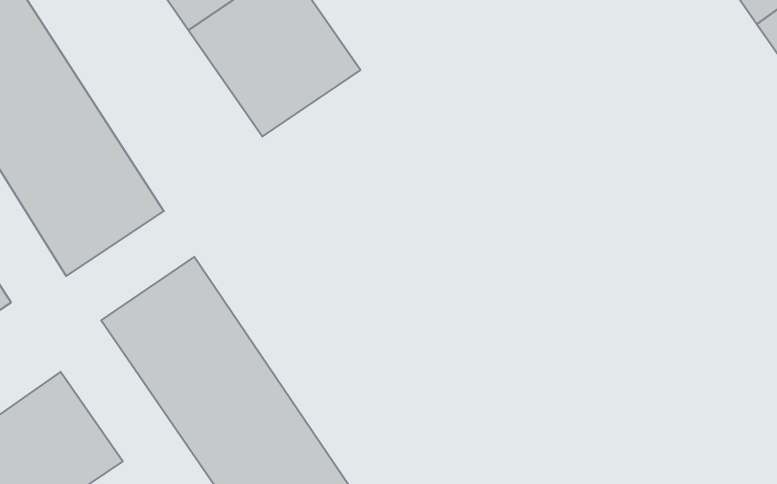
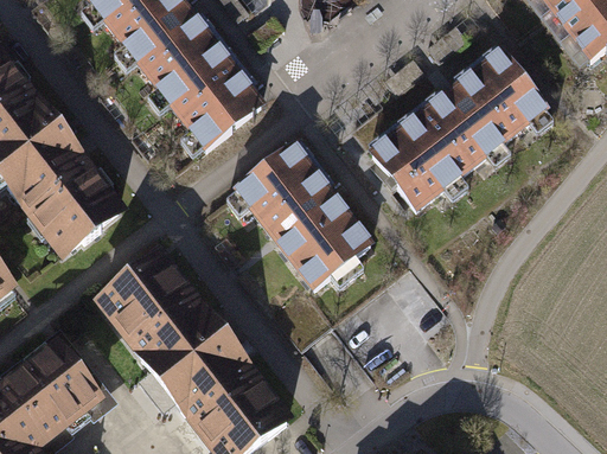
building: none -> [354,45,542,218]
building: none -> [231,138,378,290]

